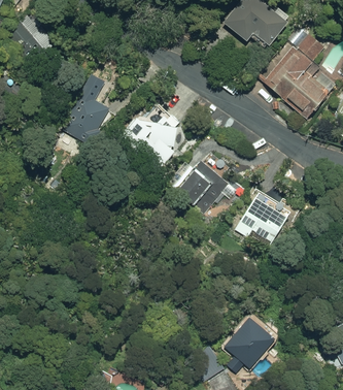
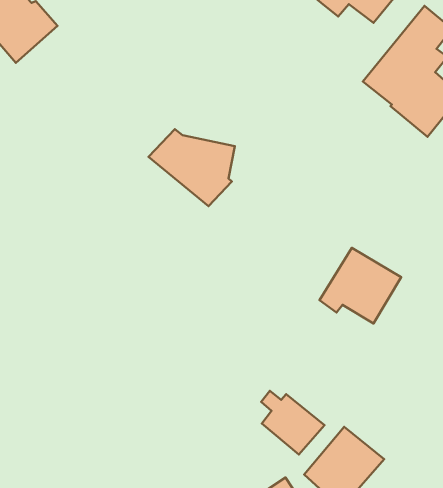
building: [60,82,109,144] -> none
building: [173,160,236,215] -> none
building: none -> [261,391,325,455]

